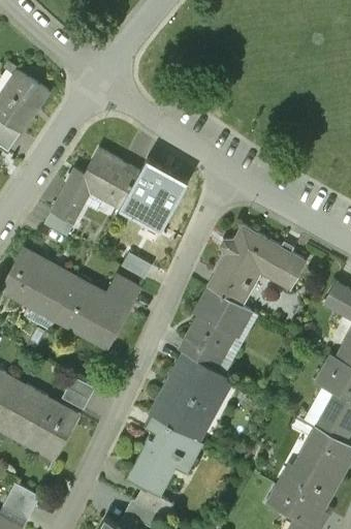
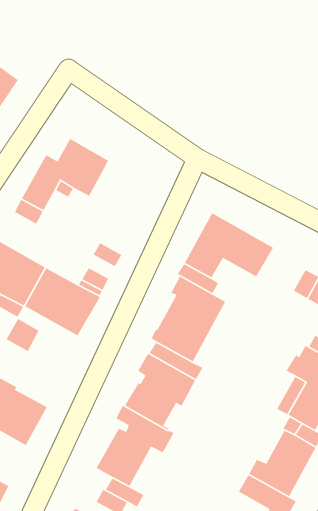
building: [120,172,182,230] -> none
building: [60,376,94,410] -> [5,318,40,352]

